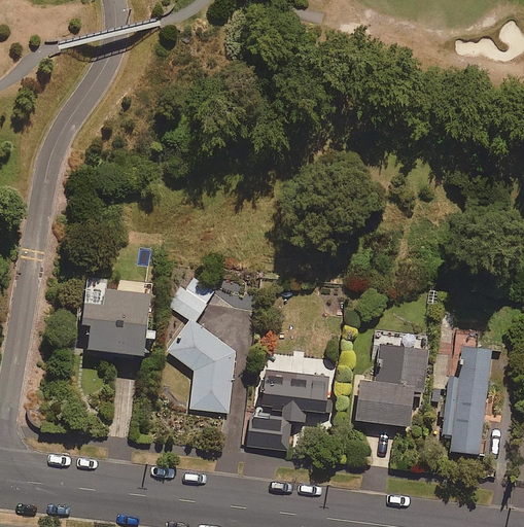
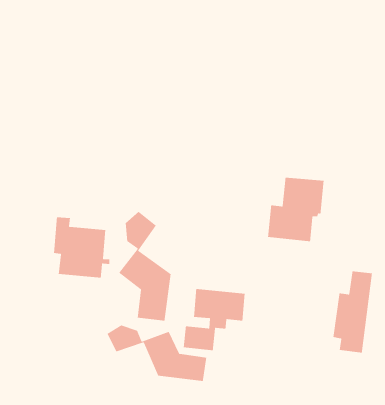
building: [355,345,428,428] -> [267,177,324,242]
building: none -> [107,325,207,382]

